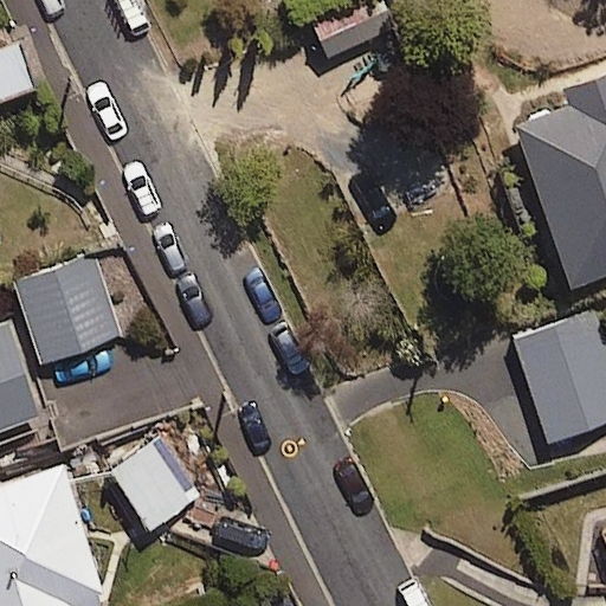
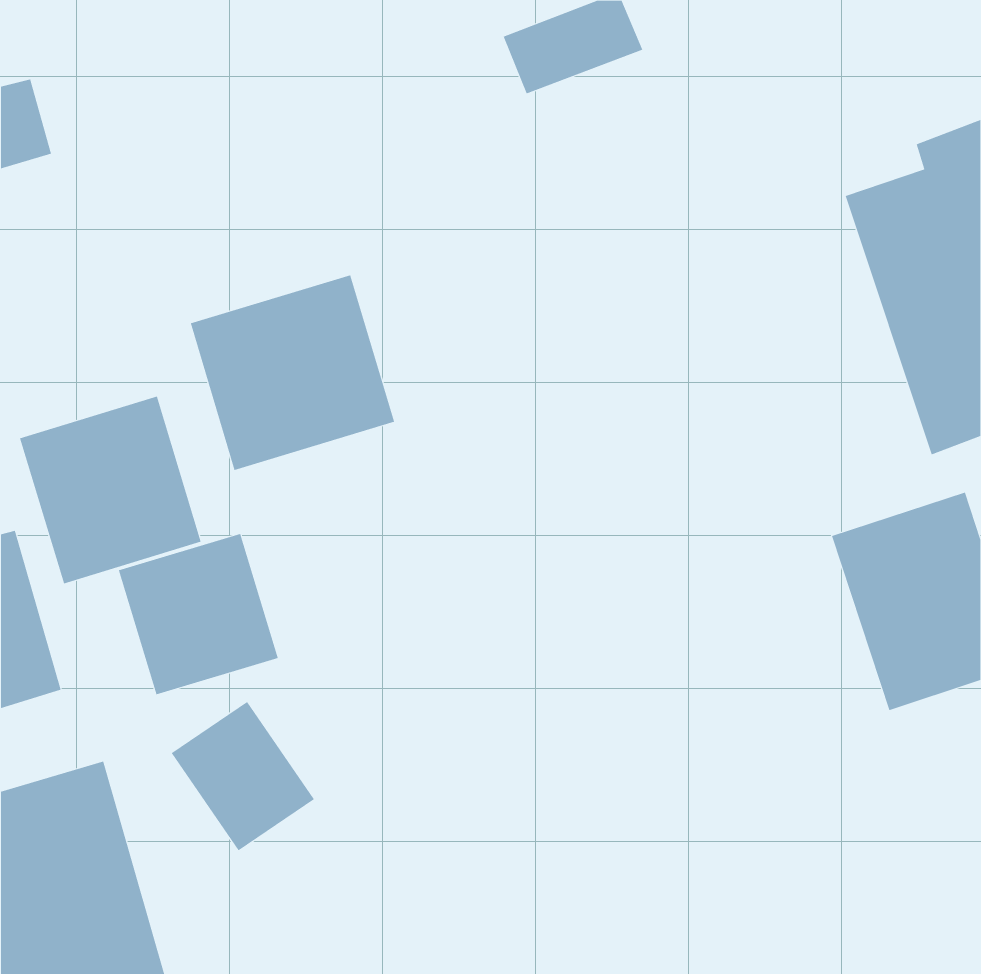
building: none -> [190,274,395,471]
building: none -> [118,533,278,695]

